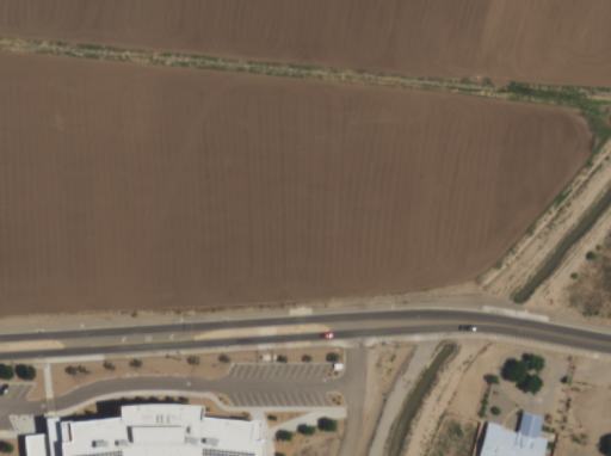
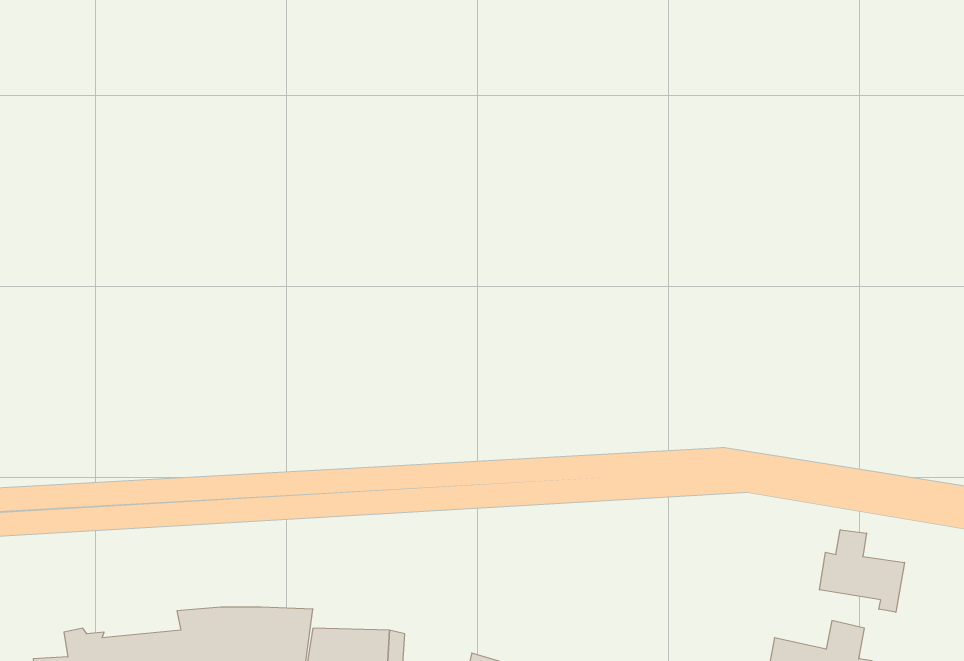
building: none -> [820,530,905,612]

